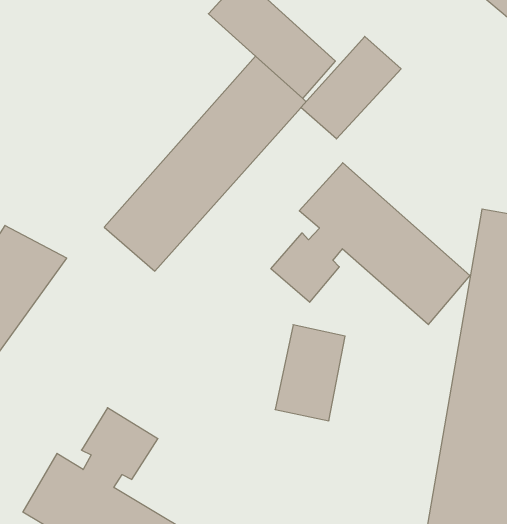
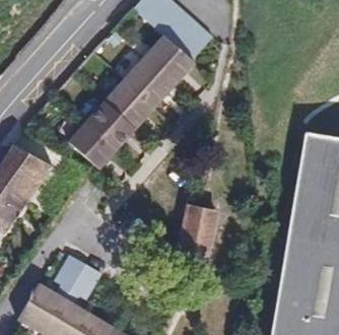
building: [301,36,401,139] -> none
building: [271,163,470,325] -> none

